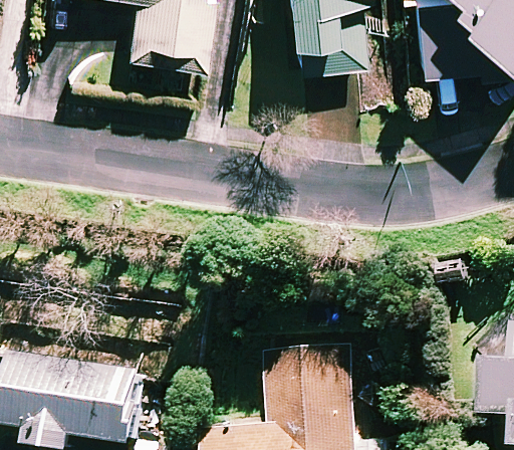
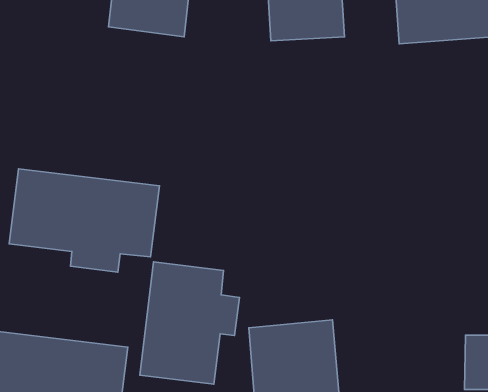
building: none -> [9,169,160,272]
building: none -> [140,262,239,384]

